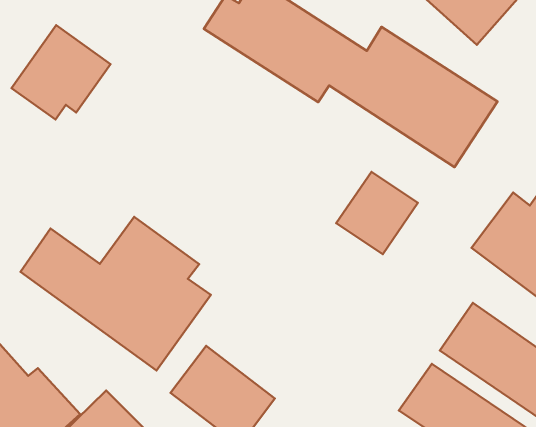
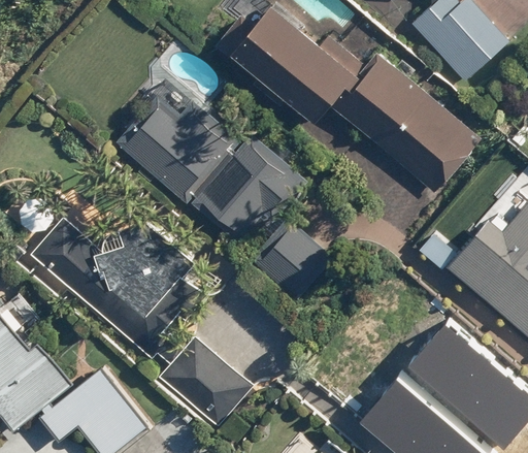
building: [12,25,110,119] -> none
building: none -> [113,95,309,244]
building: [336,172,418,254] -> [254,219,330,295]

